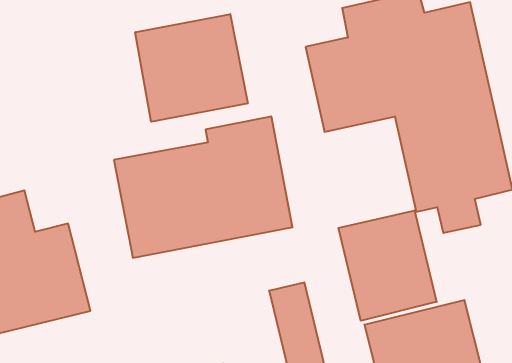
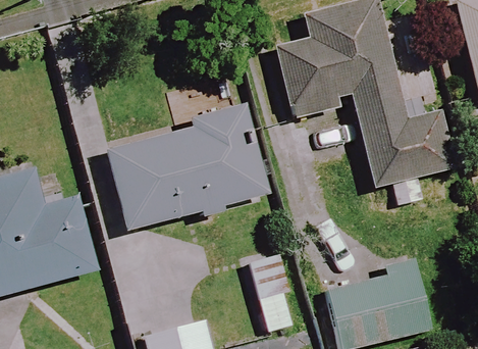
building: [135,14,248,122] -> none
building: [338,210,437,321] -> none

